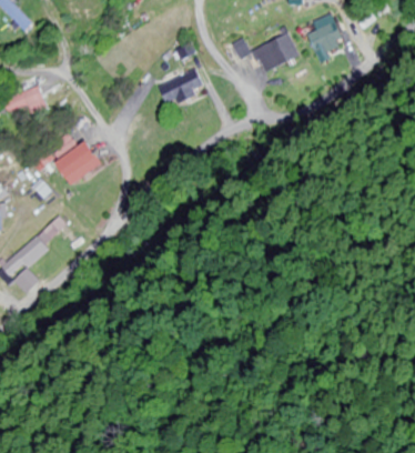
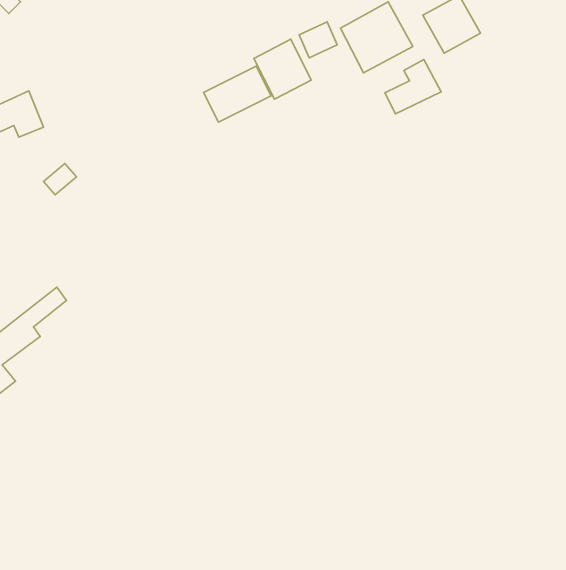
building: none -> [254,39,311,99]
building: none -> [385,60,441,114]
building: [55,142,102,185] -> none

